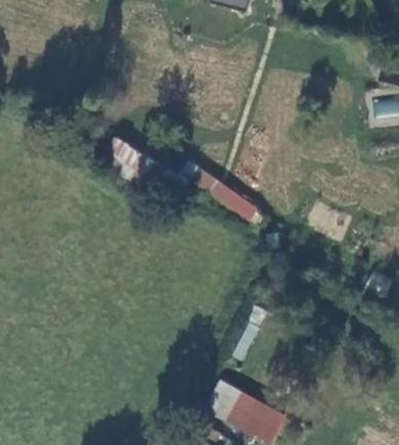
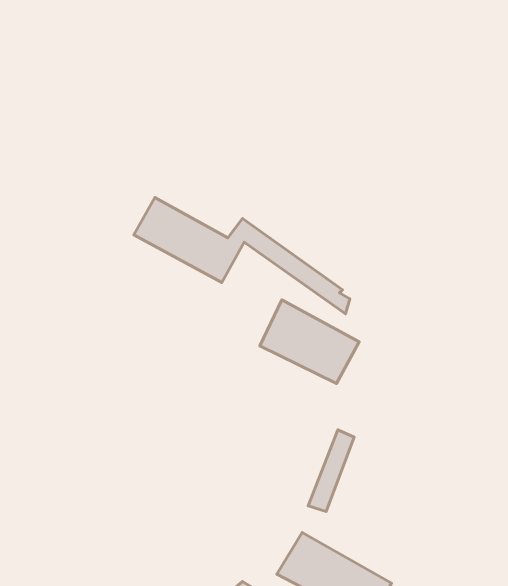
building: none -> [260,300,359,383]

